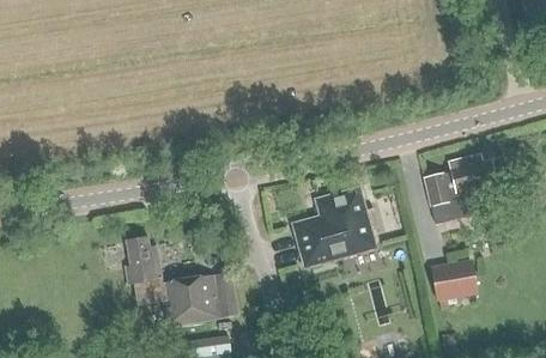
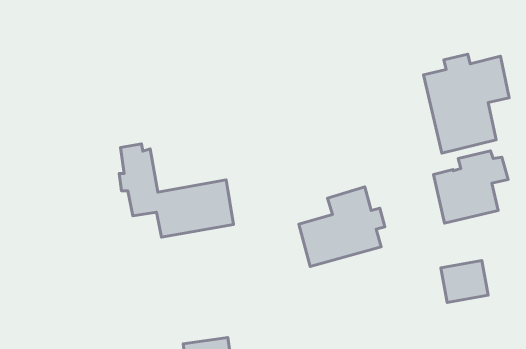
building: none -> [423,54,509,153]
building: [125,236,235,326] -> [119,144,234,237]

